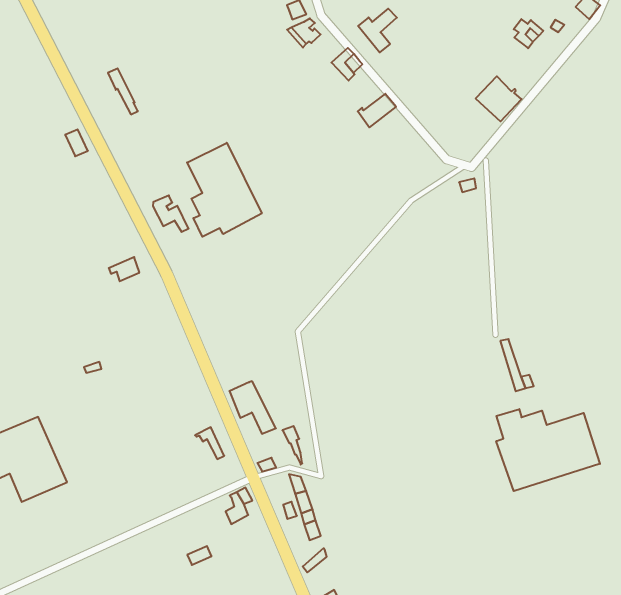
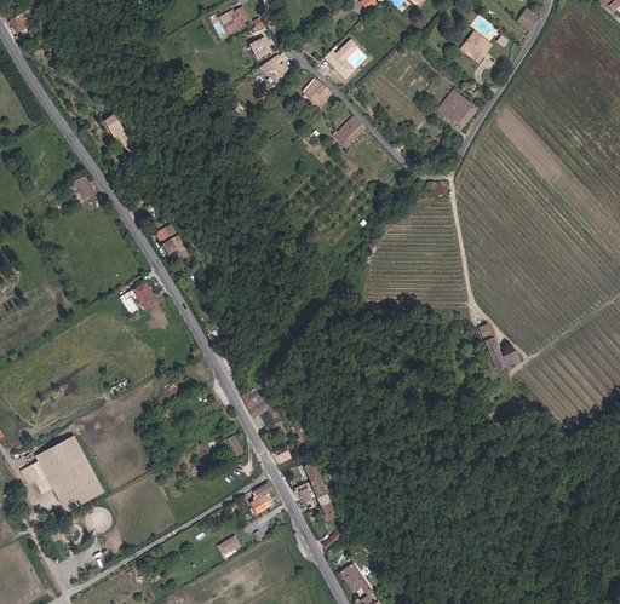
building: [187,143,262,237] -> none
building: [496,409,600,491] -> none

